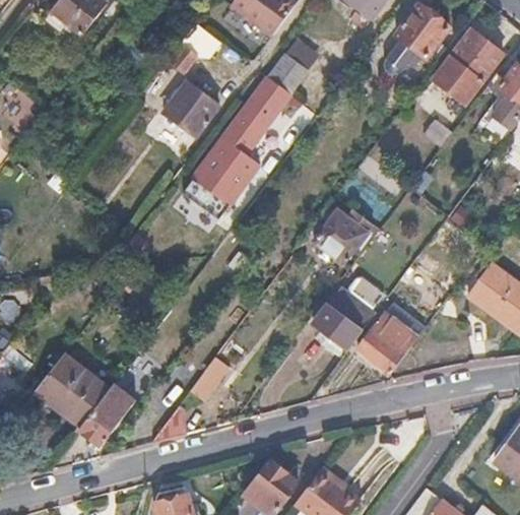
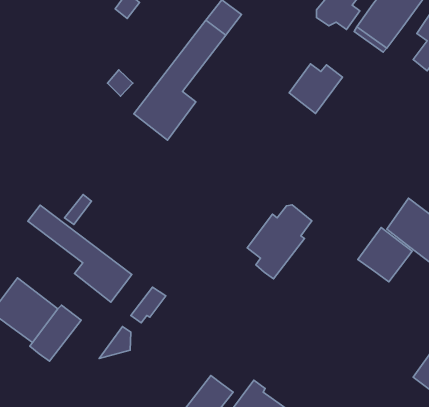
building: [161,79,217,135] -> none
building: [316,206,374,260] -> [289,64,343,114]
building: none -> [28,205,132,302]
building: [358,314,416,373] -> [358,228,412,282]

